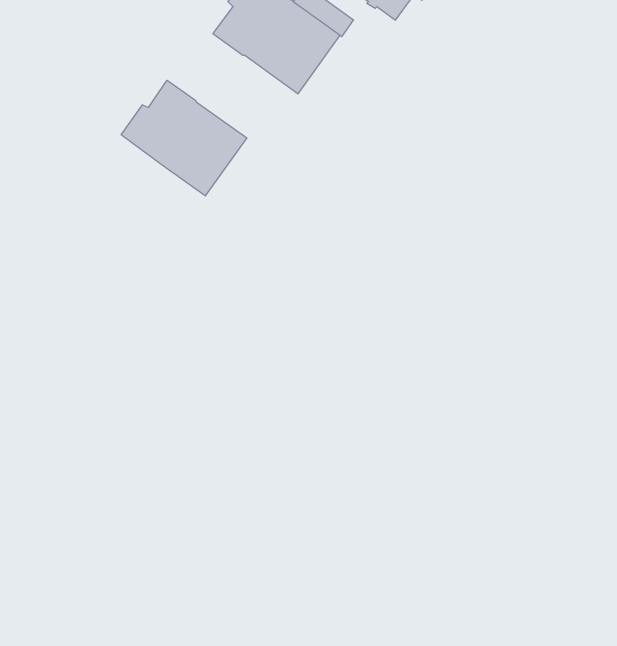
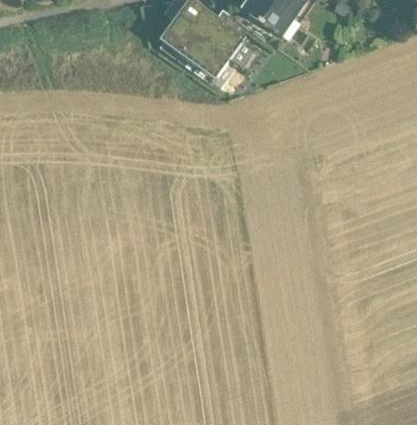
building: [121,80,247,196] -> none

